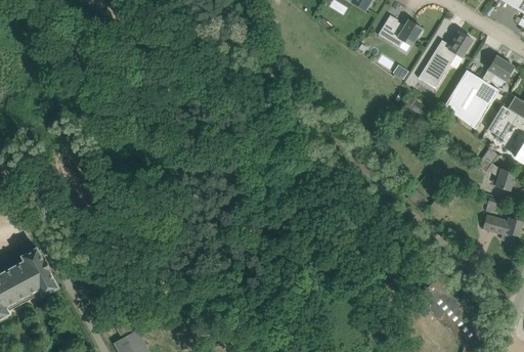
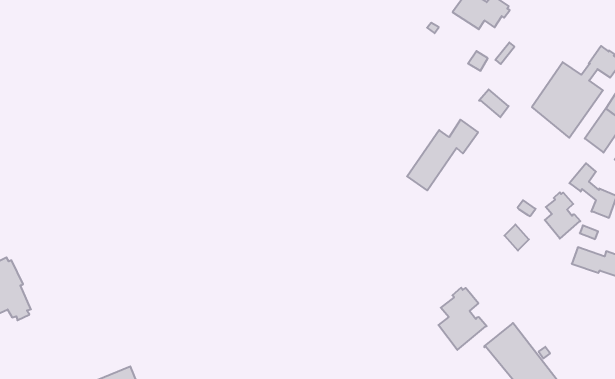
building: [419,31,473,88] -> [407,120,478,190]
building: none -> [545,192,580,239]
building: none -> [438,288,487,350]

